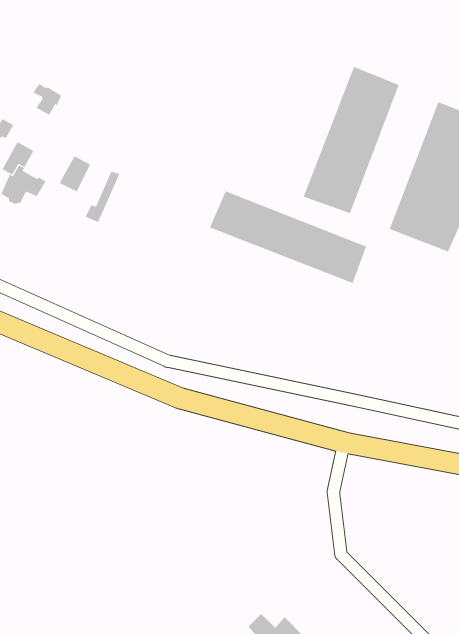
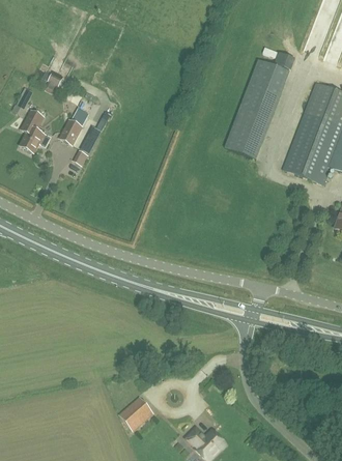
building: [209,190,367,284] -> none
building: none -> [119,396,152,429]

